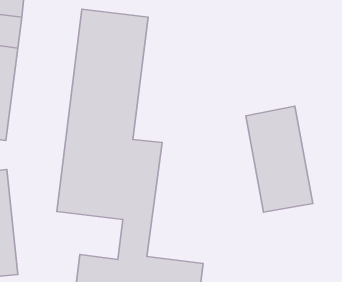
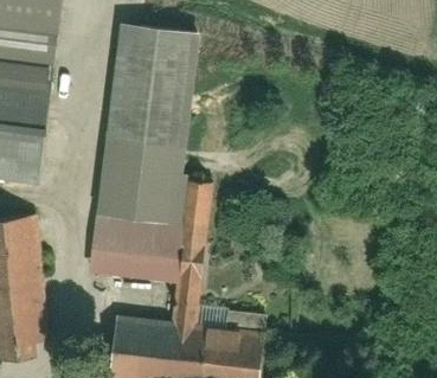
building: [246,106,313,212] -> none

